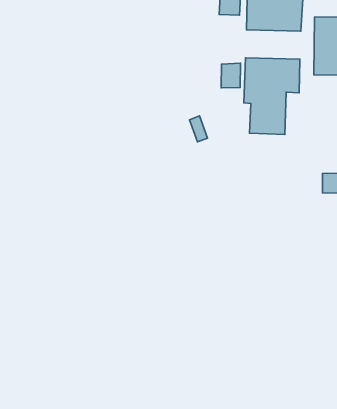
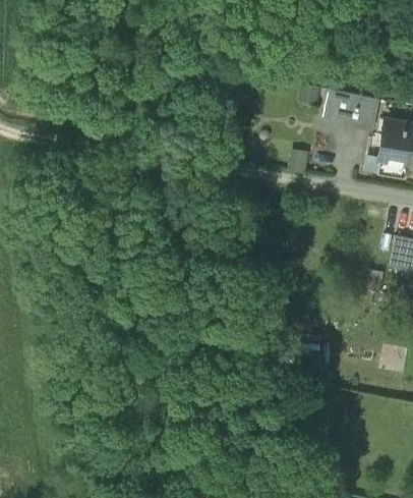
building: [244,58,300,135] -> none

